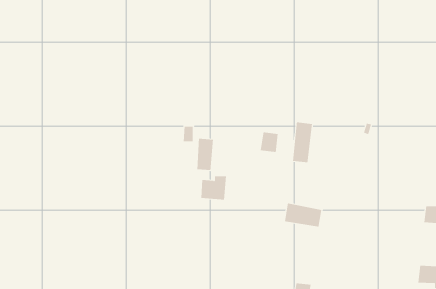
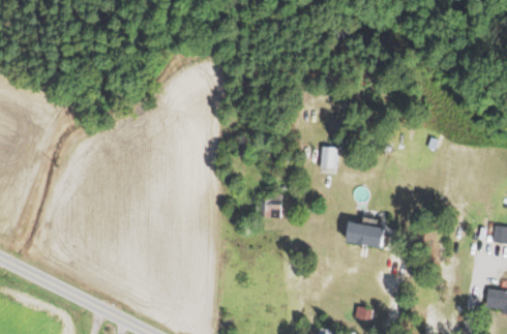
building: [293,121,313,163] -> none
building: [197,138,214,171] -> none

